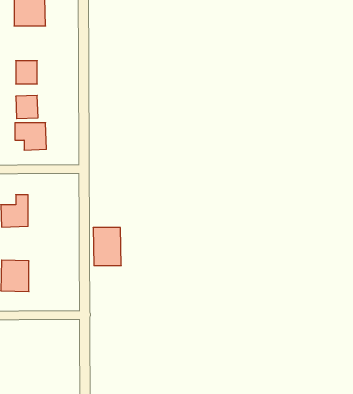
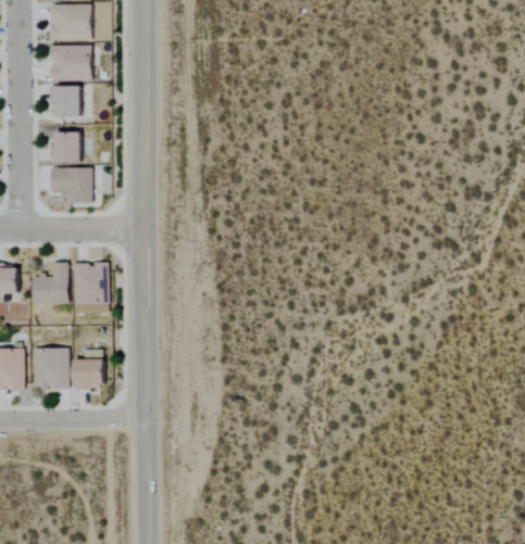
building: none -> [50,45,91,81]
building: [93,228,121,266] -> [72,263,109,313]
building: none -> [73,350,103,389]

